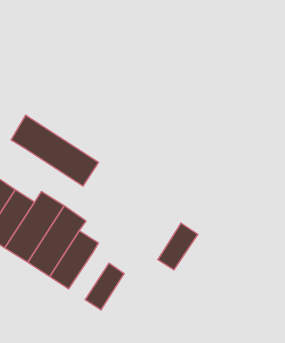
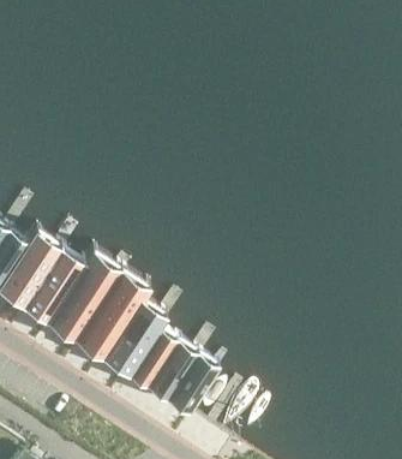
building: [11,115,98,186] -> none
building: [158,223,198,270] -> [166,354,216,413]
building: none -> [125,328,175,387]

